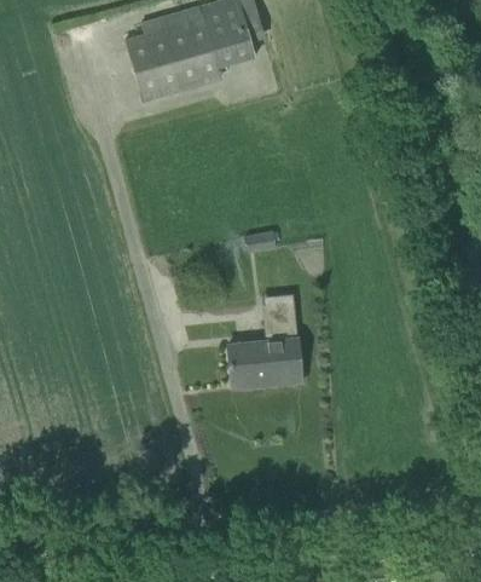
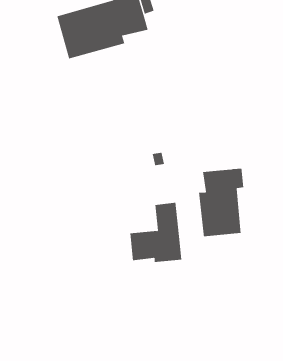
building: none -> [199,168,244,237]

